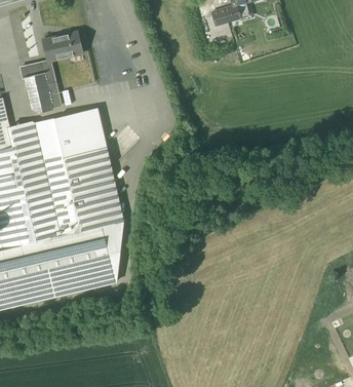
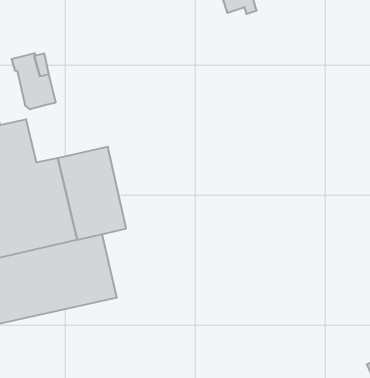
building: [44,32,82,60] -> none
building: [34,106,108,160] -> none
building: [103,220,124,282] -> none

